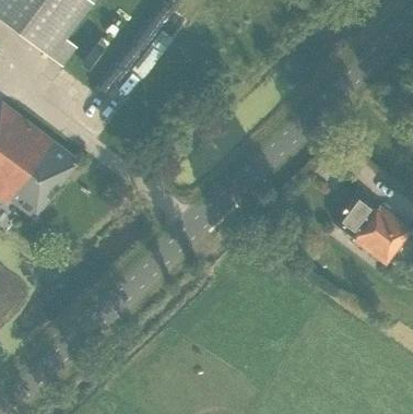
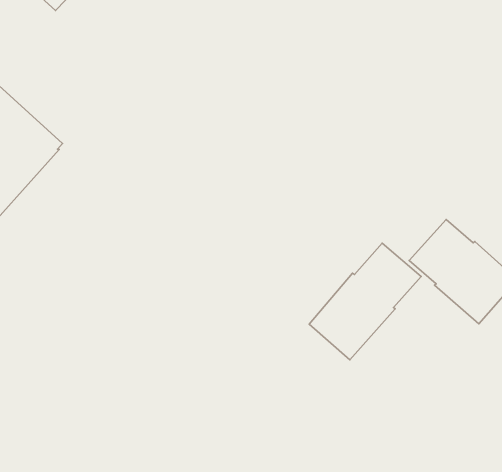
building: none -> [309,243,421,360]

